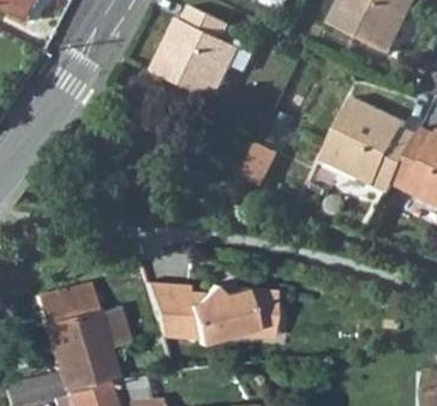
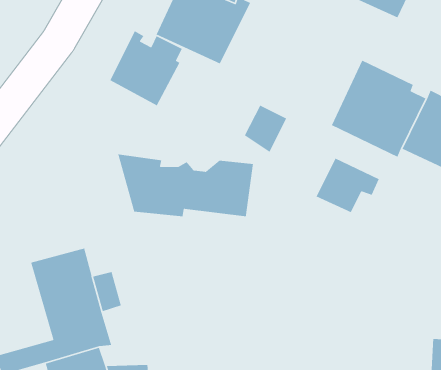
building: none -> [109,30,183,107]
building: none -> [315,157,380,213]
building: [145,275,277,336] -> [117,154,254,217]

